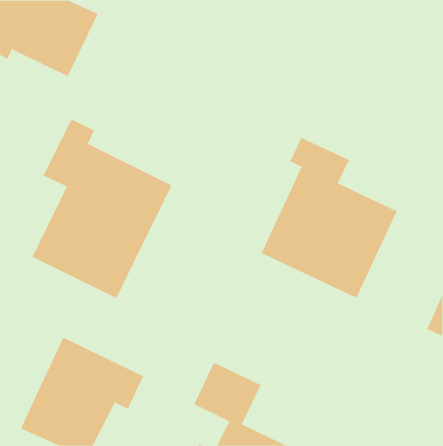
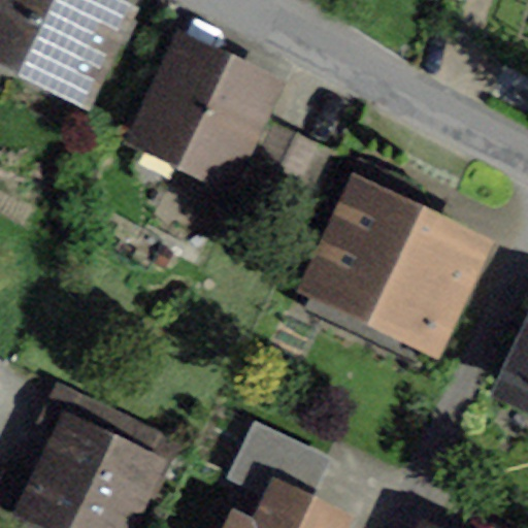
building: none -> [145,54,312,209]
building: [32,118,172,299] -> none

